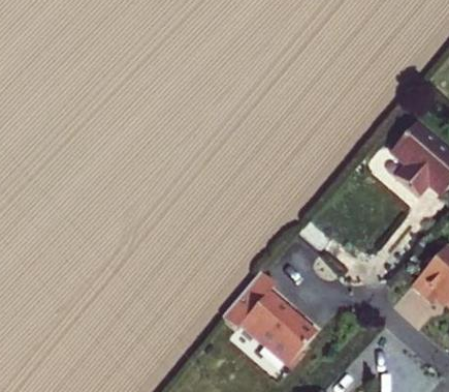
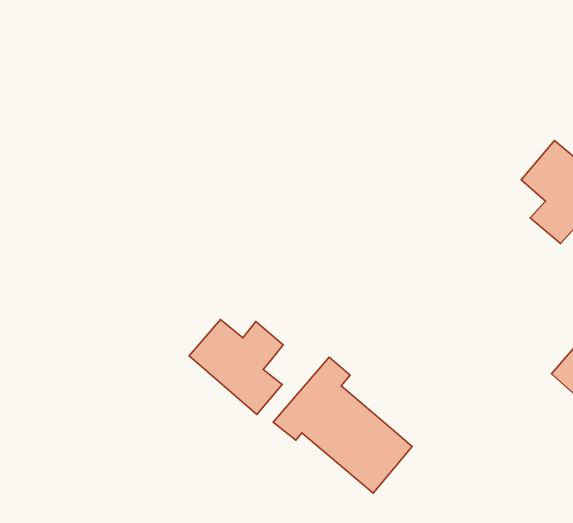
building: none -> [189,319,283,414]

